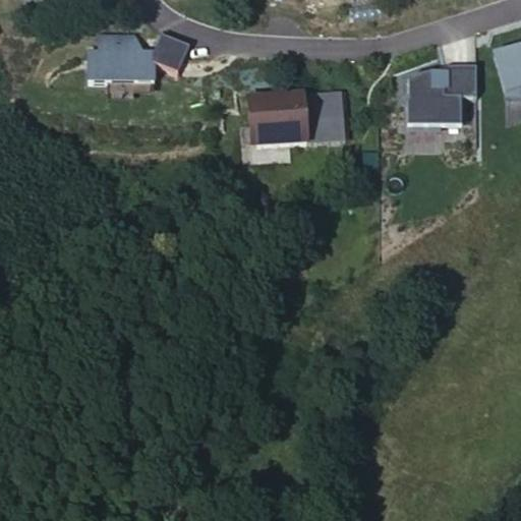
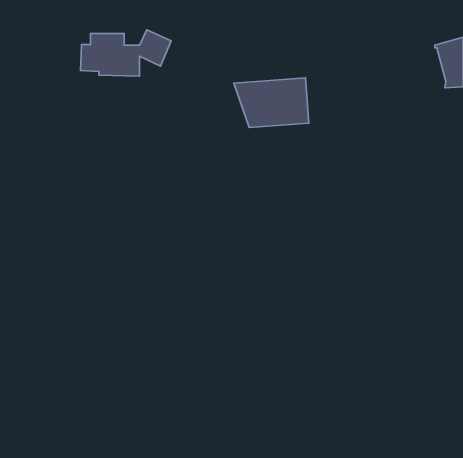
building: [404,30,472,128] -> none
building: [253,94,280,146] -> none

